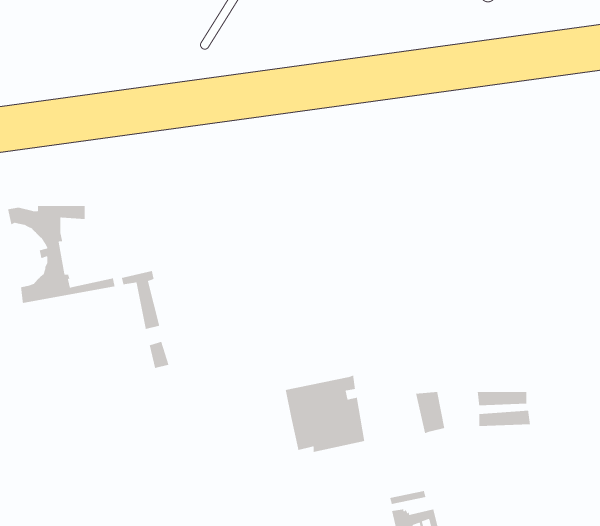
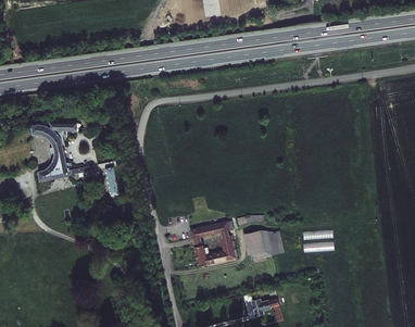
building: none -> [244,230,272,257]

